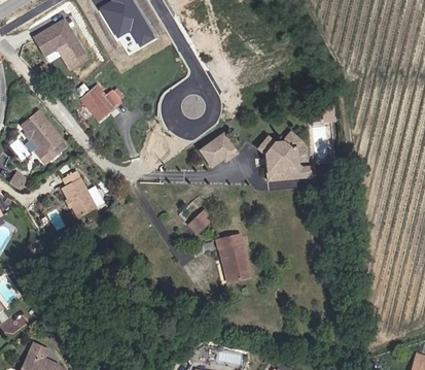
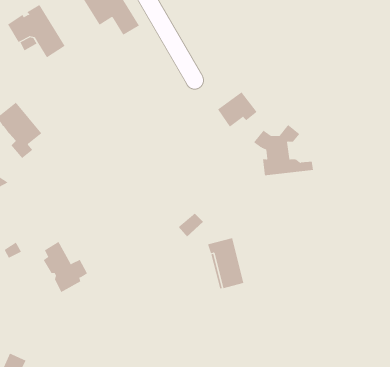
building: [81,85,118,117] -> none
building: [198,133,235,166] -> [217,92,257,127]
building: [62,169,103,216] -> [43,241,88,293]

